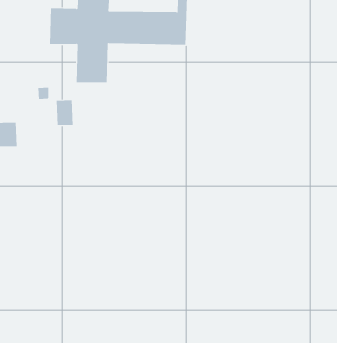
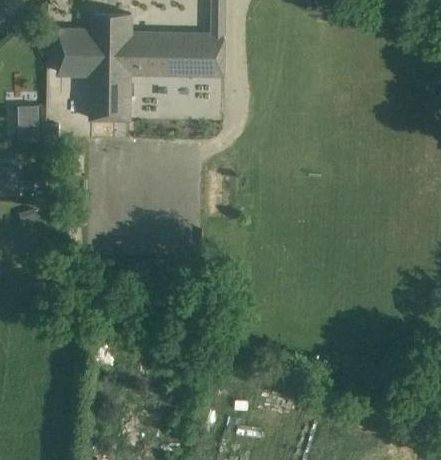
building: [56,100,73,126] -> [20,107,41,138]

